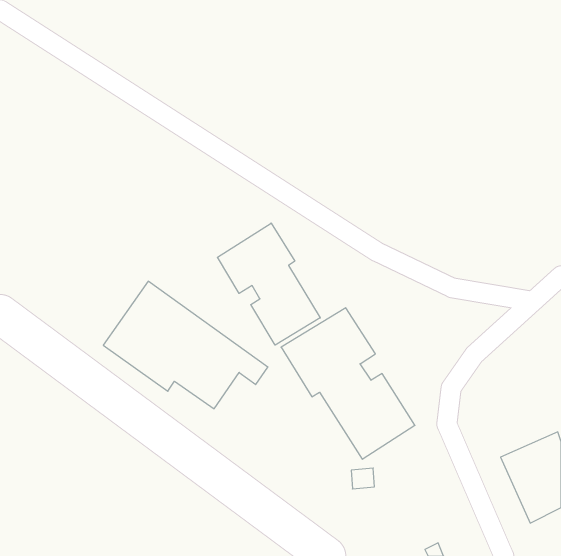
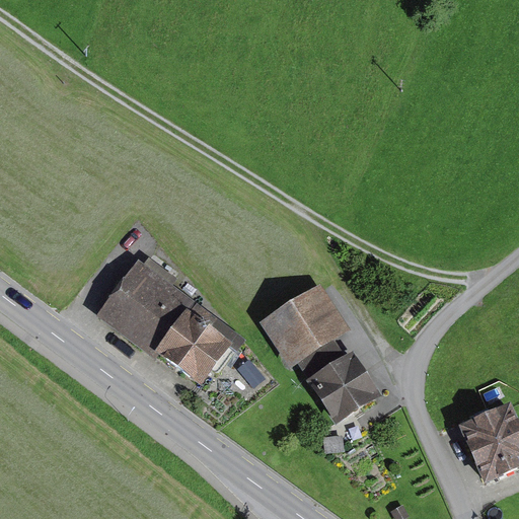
building: [217,223,320,345] -> none

